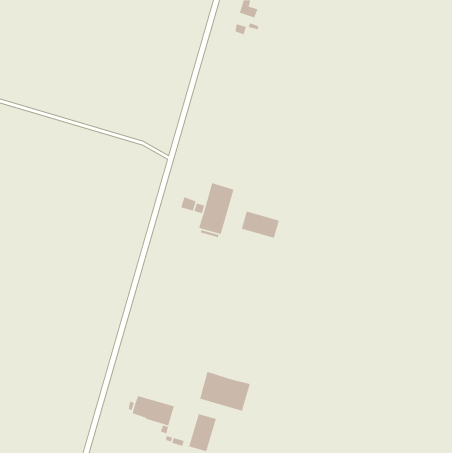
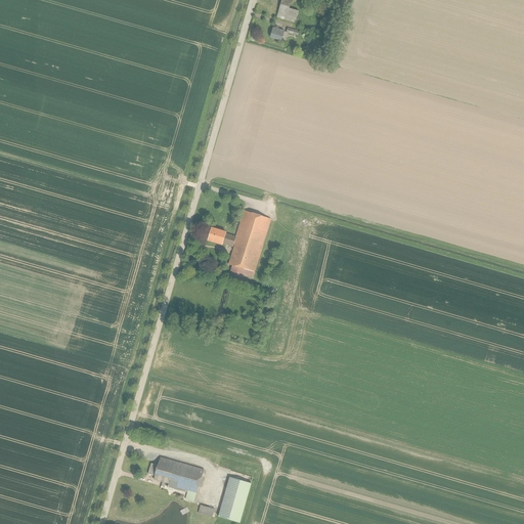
building: [241,210,280,239] -> none
building: [199,371,251,412] -> none

